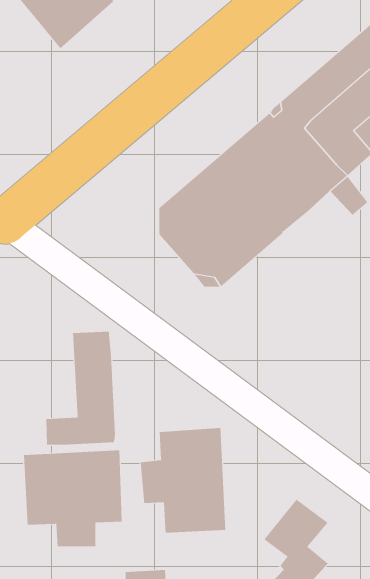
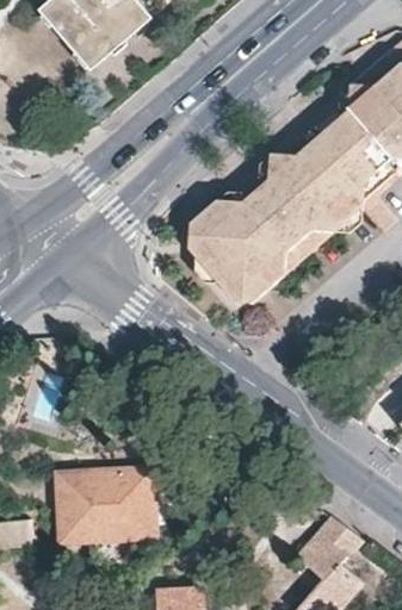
building: [46,331,115,446] -> none
building: [140,427,226,533] -> none

